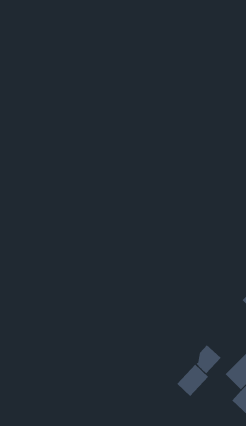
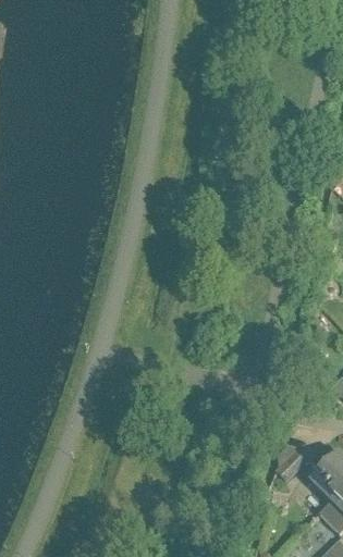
building: [176,364,209,397] -> none

